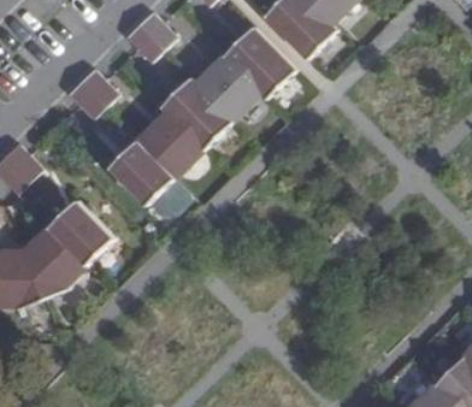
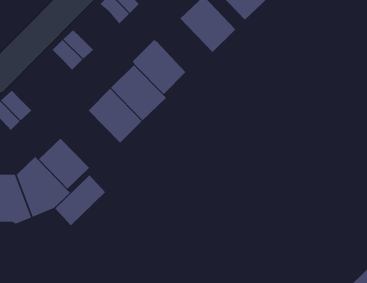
building: [195,55,264,125] -> none
building: none -> [54,175,106,226]

